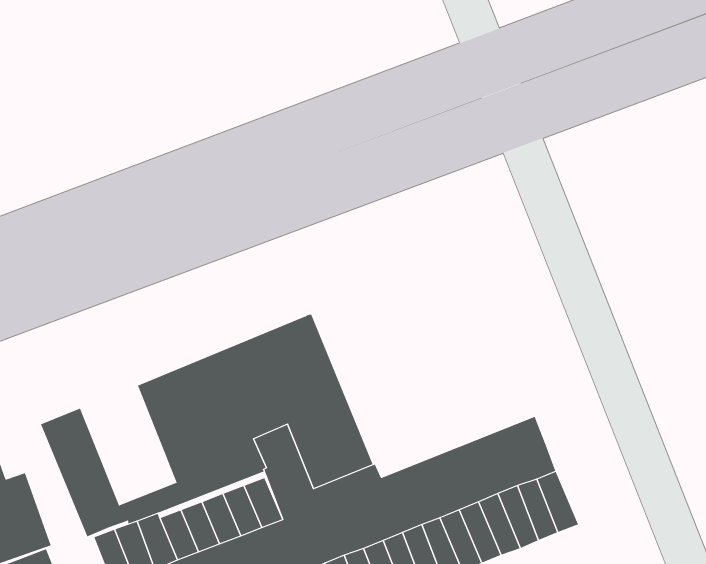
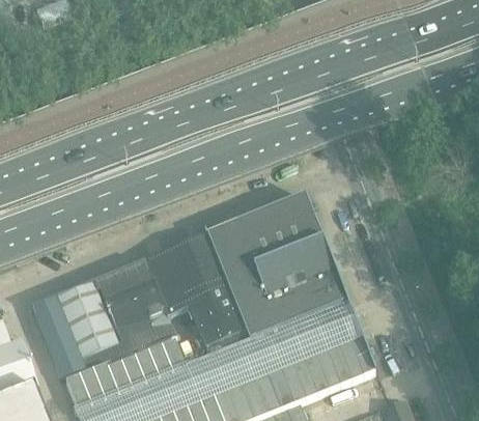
building: none -> [205,194,348,340]
building: none -> [57,281,118,358]

